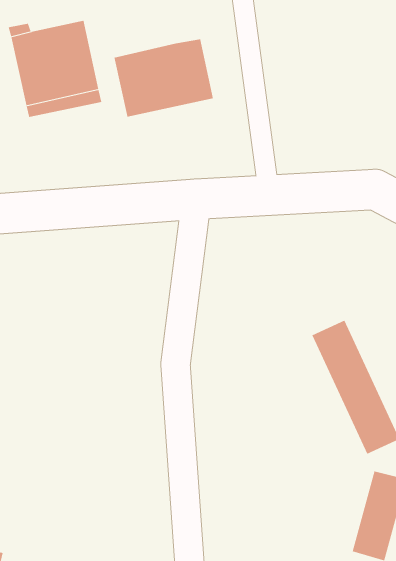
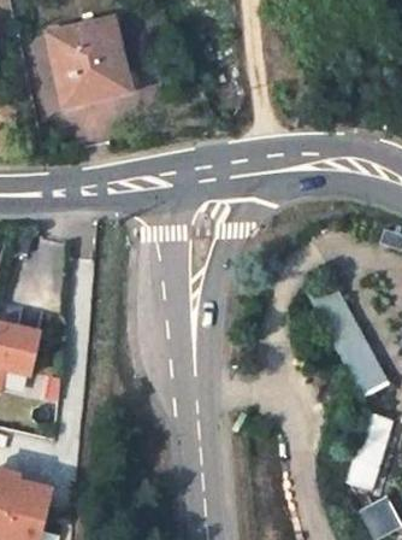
building: [114,38,214,117] -> none

